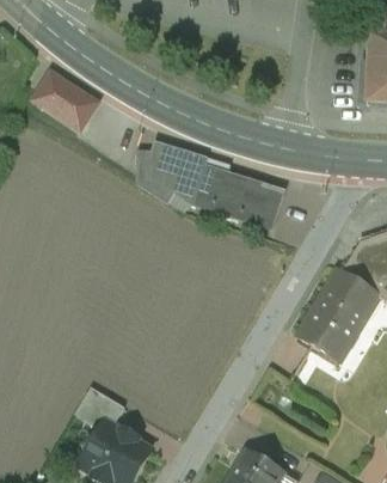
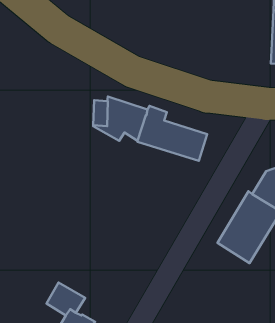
building: [32,69,92,128] -> none

